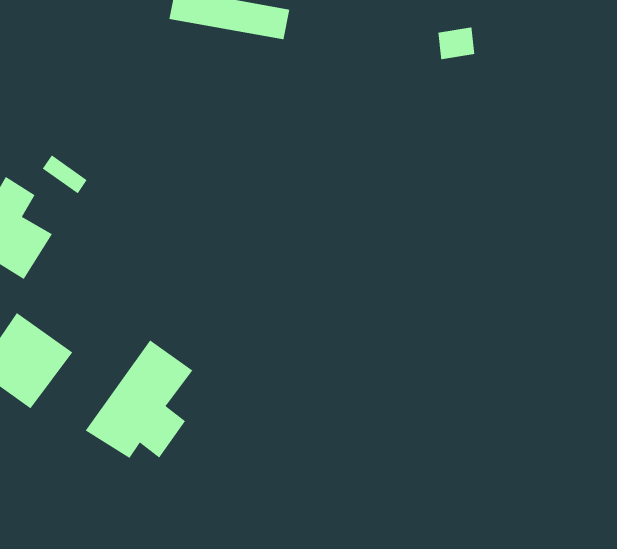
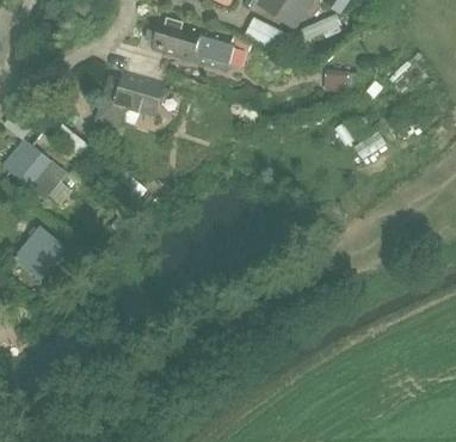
building: none -> [92,69,162,128]
building: [85,339,193,459] -> none

